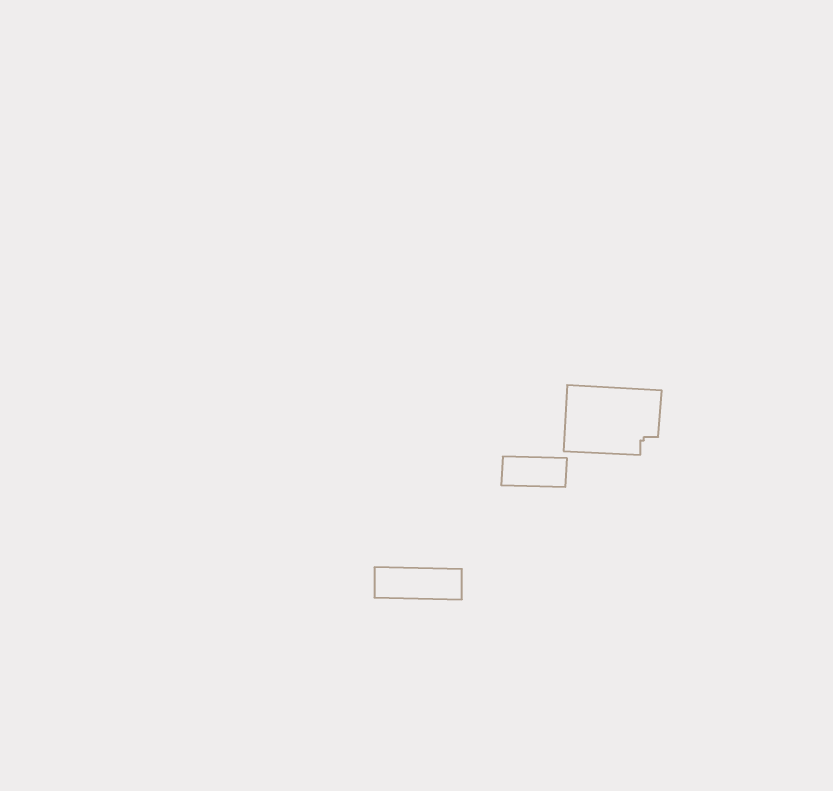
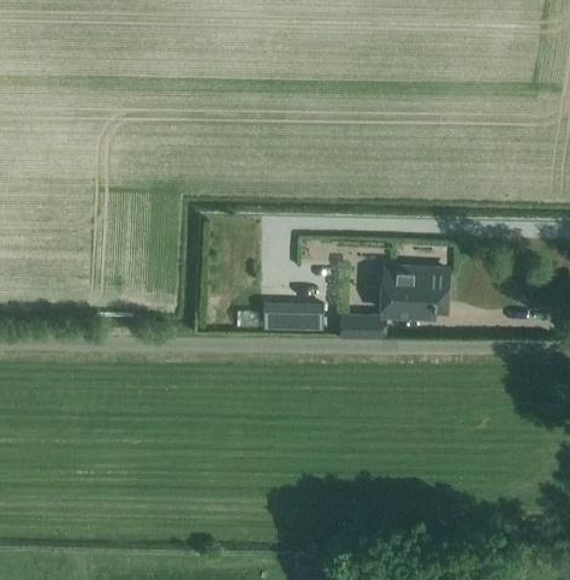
building: [374,567,462,599] -> [265,310,323,332]

